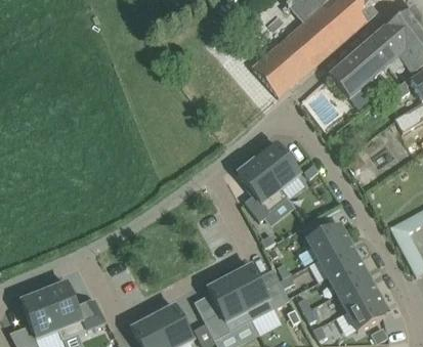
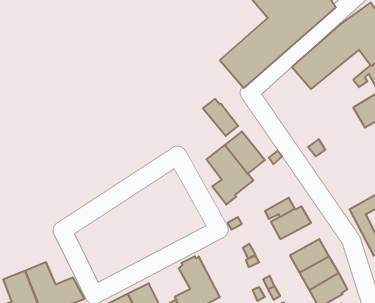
building: none -> [203,99,238,136]
building: [316,240,358,274] -> none
building: [229,264,286,318] -> none

